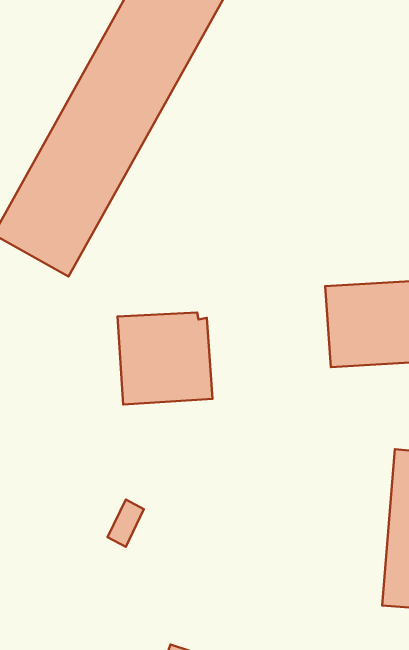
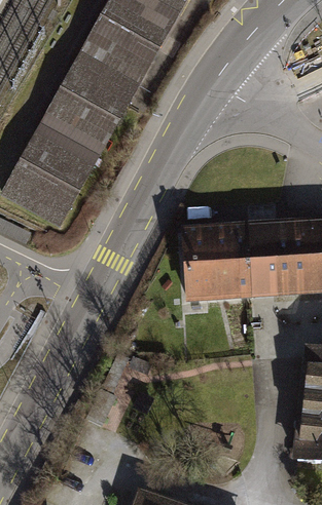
building: [118,312,212,404] -> [184,223,254,290]

